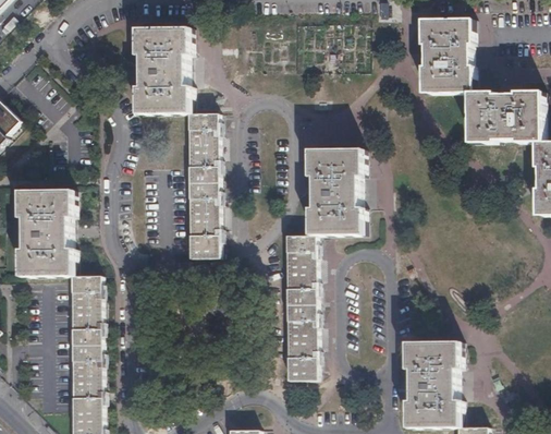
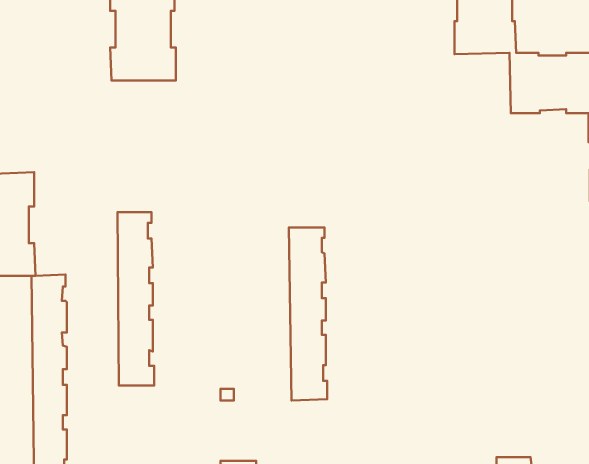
building: [188,113,219,257] -> [118,212,154,386]
building: [310,149,365,236] -> none
building: [406,341,461,427] -> none

